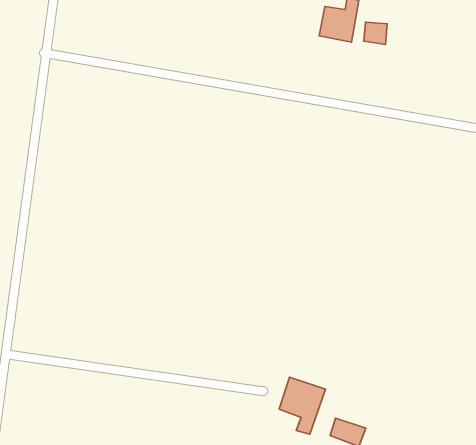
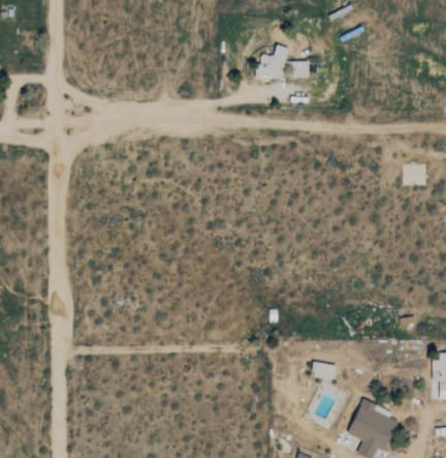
building: [279,377,325,434] -> none

